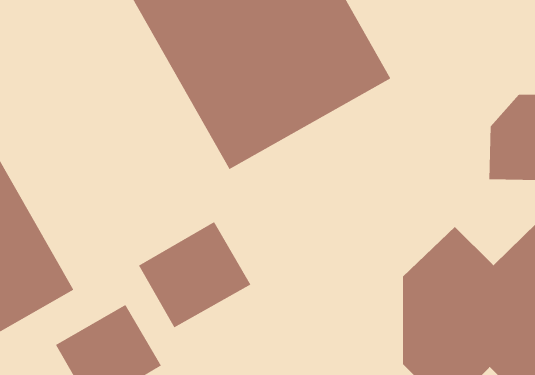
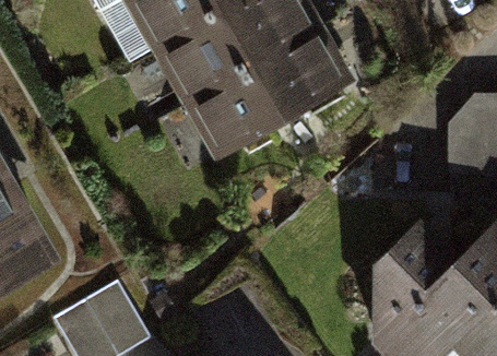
building: [138,221,251,328] -> none

